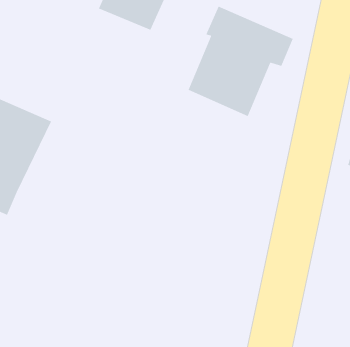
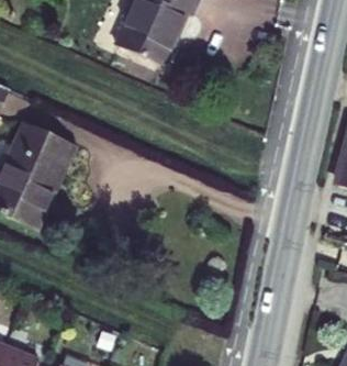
building: [187,6,294,117] -> none

